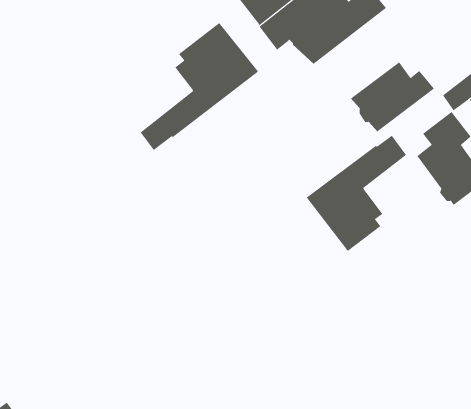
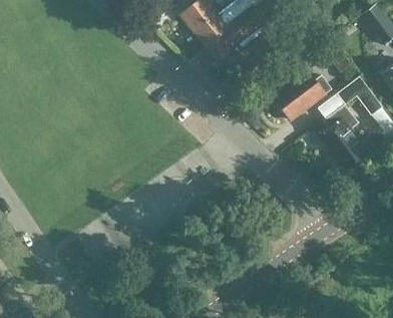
building: [140,22,260,151] -> none
building: [305,135,407,252] -> none

